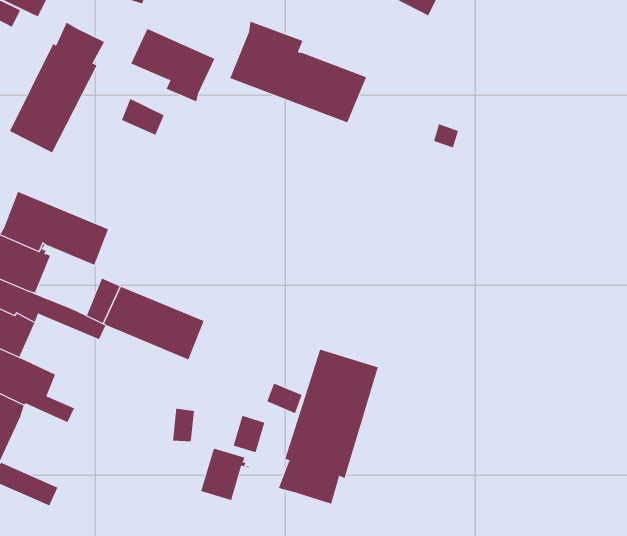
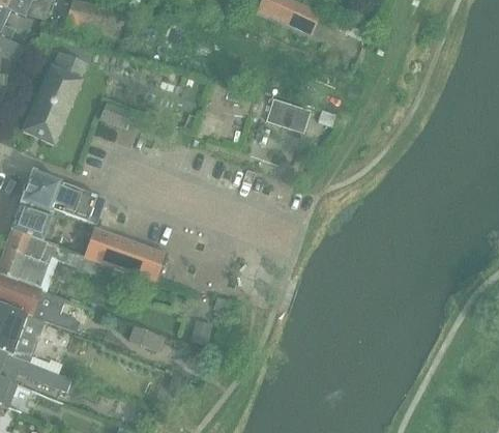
building: [229,21,367,123] -> none
building: [130,28,215,102] -> none
building: none -> [266,99,309,132]
building: [278,349,379,505] -> none
building: [200,448,249,501] -> none

